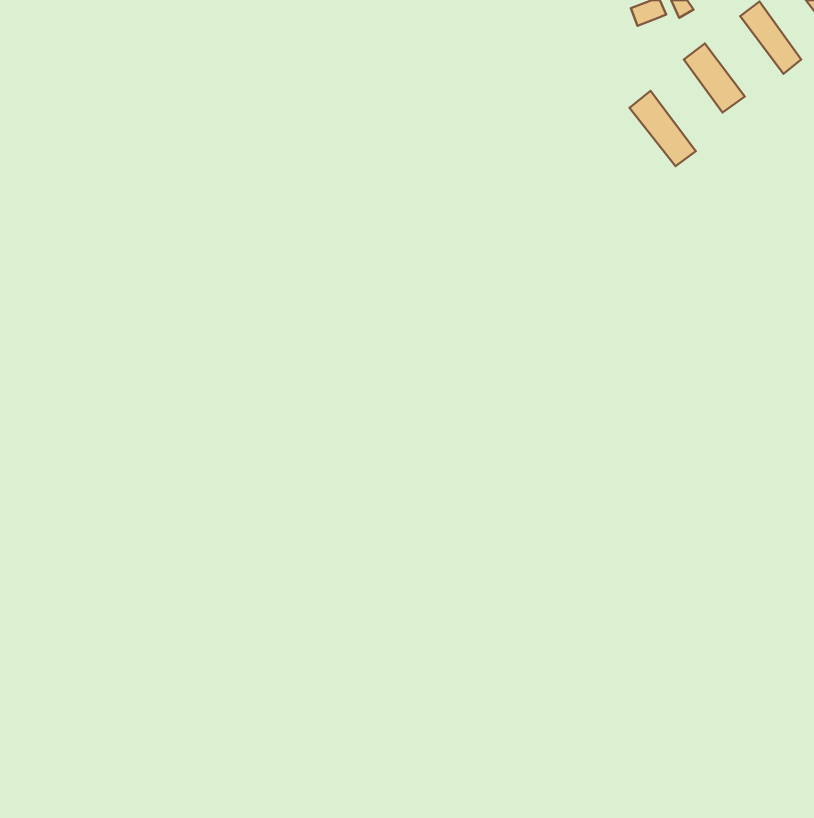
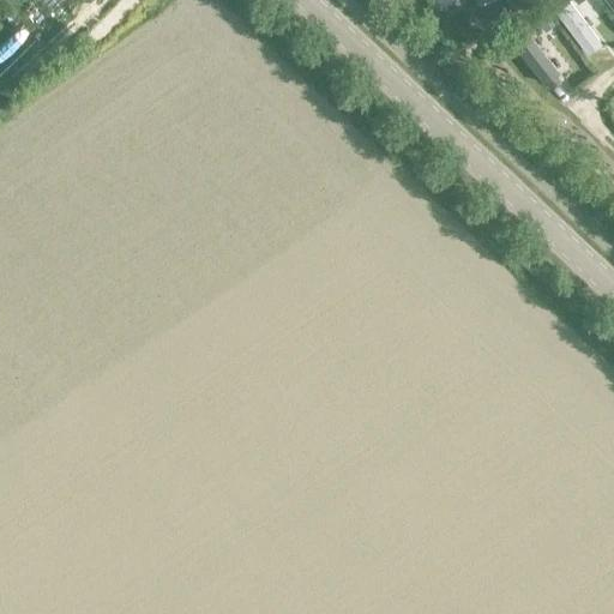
building: [630,91,696,166] -> none

